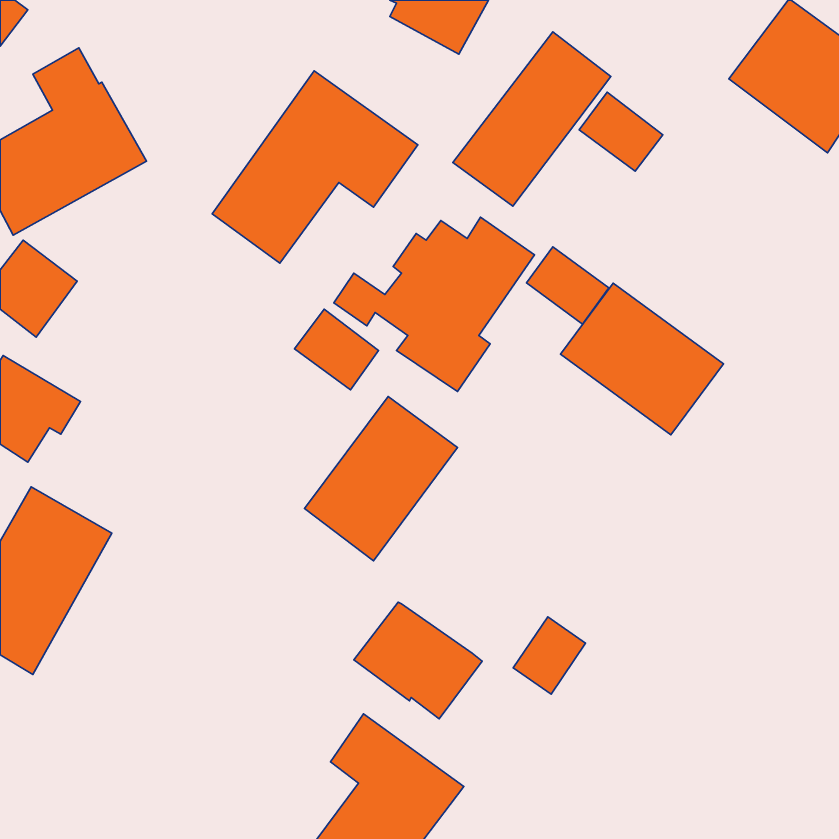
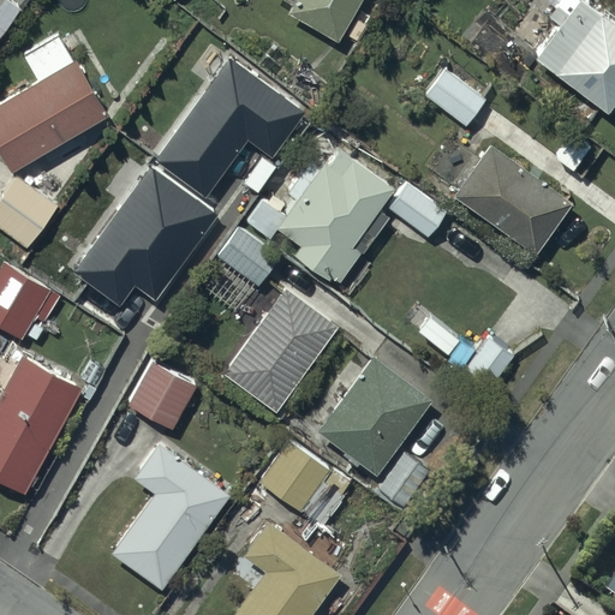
building: [453,32,611,206] -> none
building: none -> [71,162,219,300]
building: [561,283,723,435] -> [453,145,572,256]
building: none -> [317,357,429,473]
building: none -> [127,363,195,430]
building: none -> [111,444,228,590]

